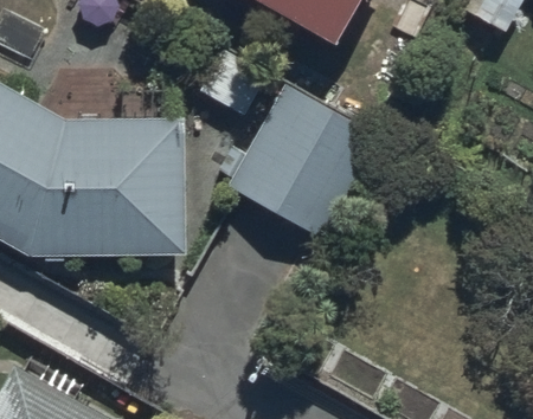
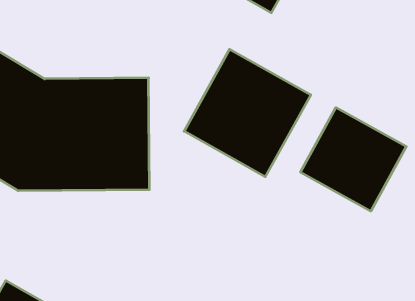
building: none -> [301,108,406,211]

